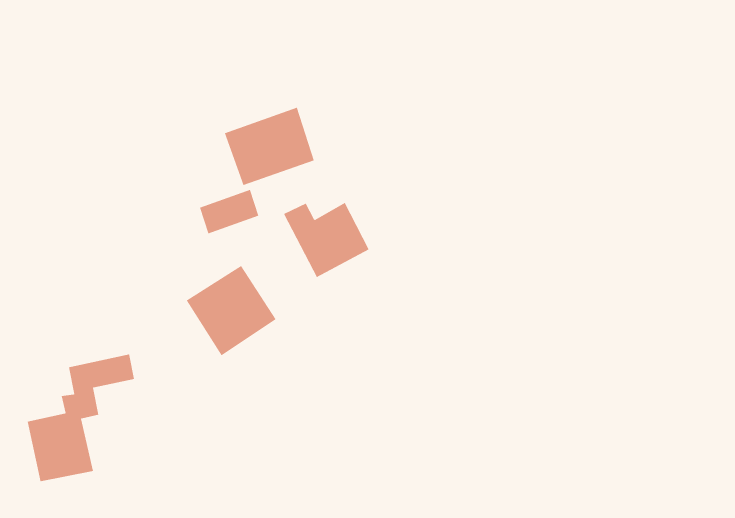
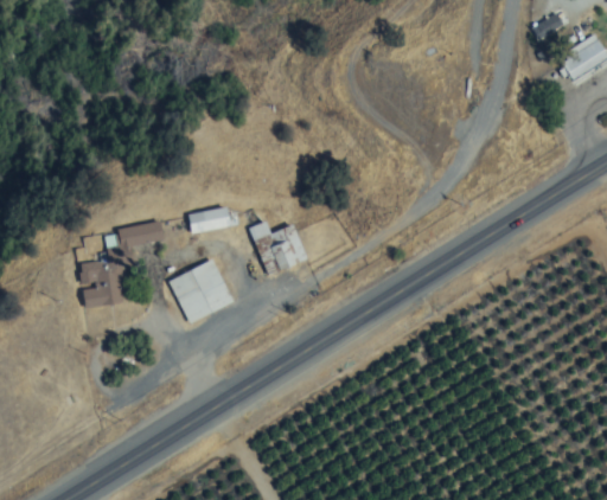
building: [224,107,315,186] -> none
building: [27,354,135,482] -> [81,223,164,307]

